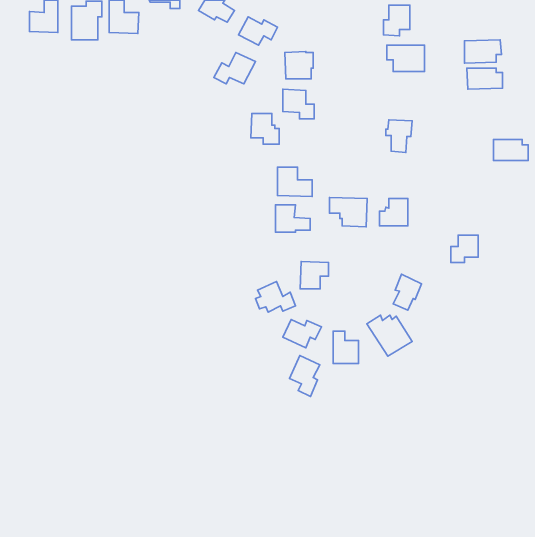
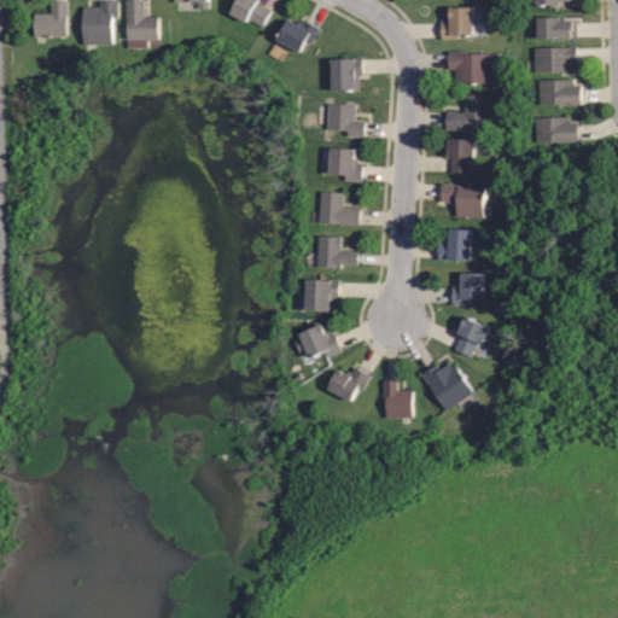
building: none -> [536,17,576,40]
building: [214,53,256,84] -> none
building: none -> [443,93,485,130]
building: [251,114,279,144] -> [328,146,361,181]
building: [494,140,528,161] -> [534,116,573,140]
building: [329,197,367,227] -> [439,185,483,218]
building: [451,235,478,262] -> [453,273,484,304]
building: [300,261,328,289] -> [305,279,338,310]
building: [290,356,320,397] -> none

